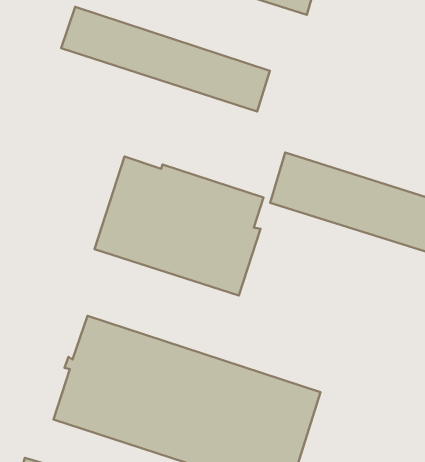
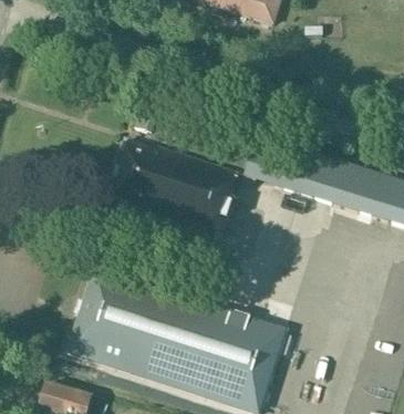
building: [61,7,270,112] -> none

